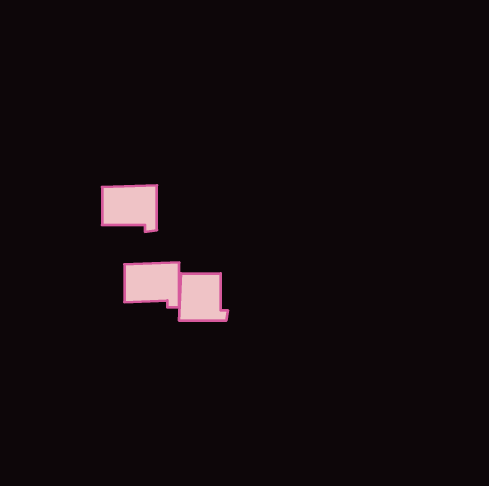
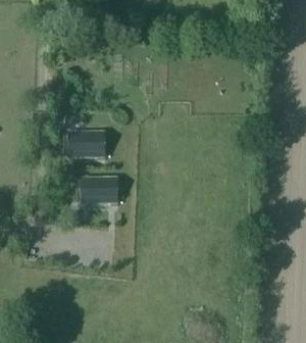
building: [179,273,228,321] -> none

